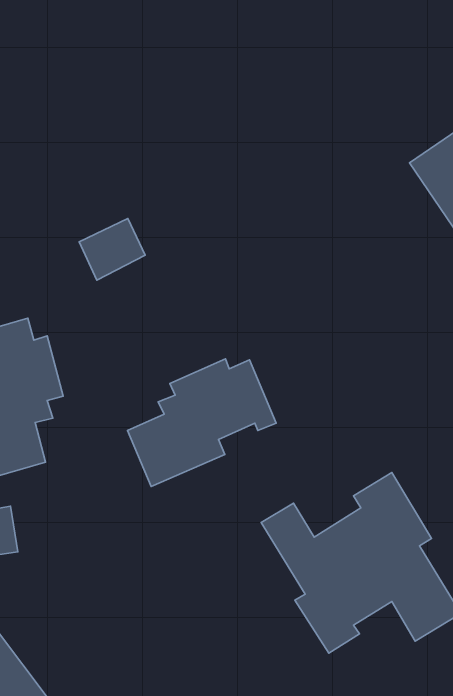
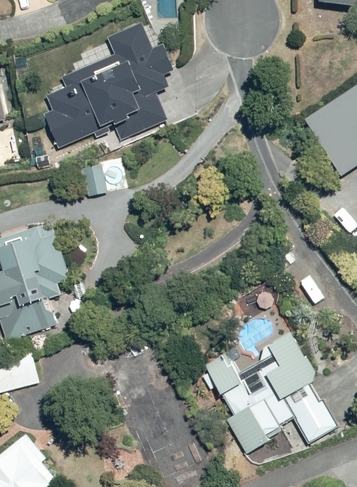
building: none -> [44,23,170,147]
building: [128,359,276,486] -> none

